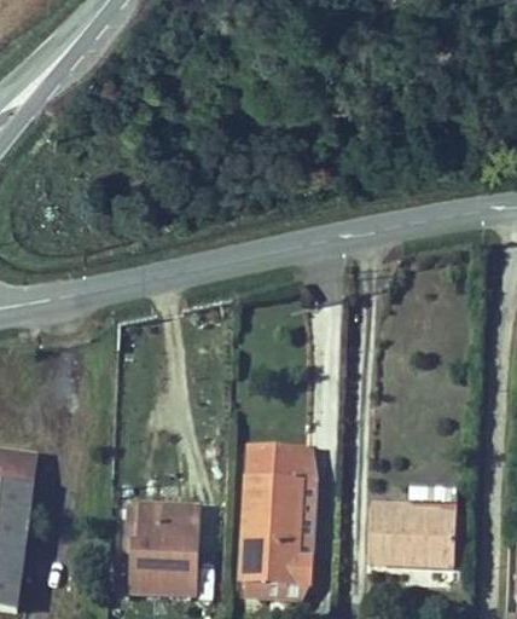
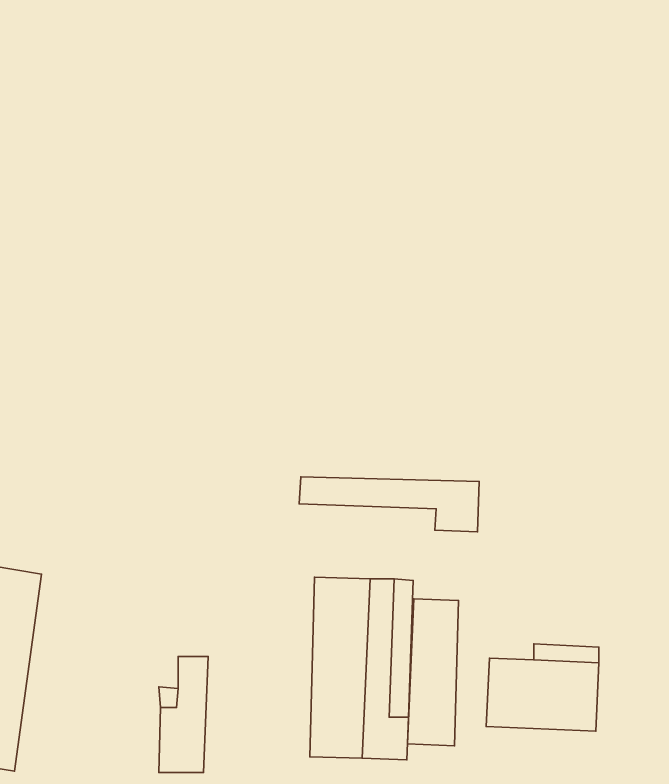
building: none -> [299,477,479,532]
building: none -> [407,599,459,746]
building: [159,513,196,603] -> none

